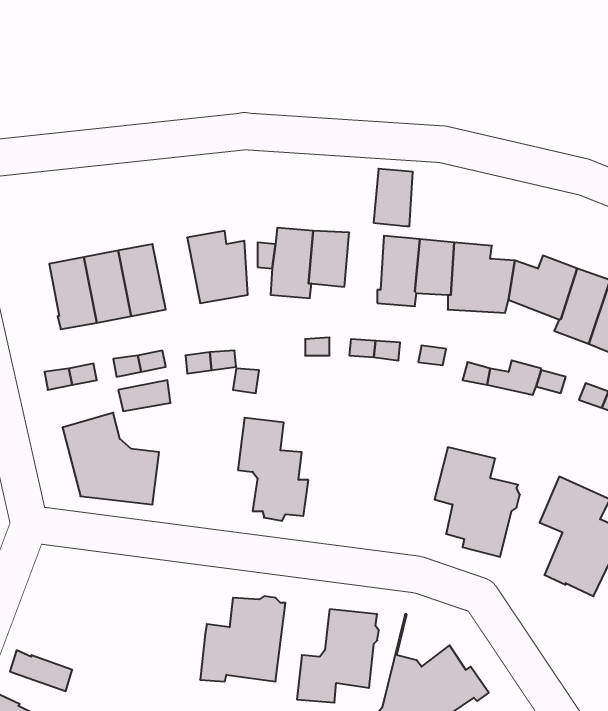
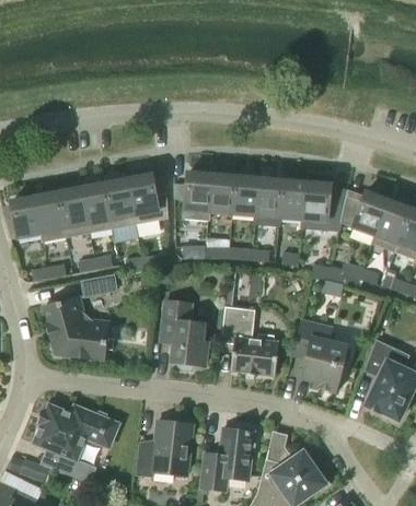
building: [374,169,413,226] -> [232,176,258,214]
building: none -> [104,179,136,227]
building: none -> [7,197,42,237]
building: none -> [221,306,278,375]
building: none -> [33,403,119,482]

